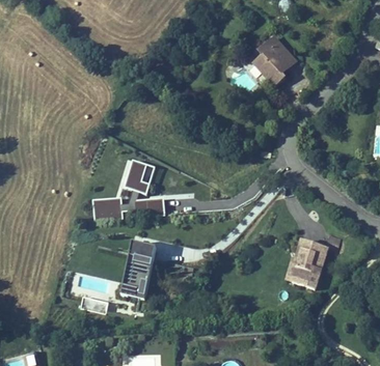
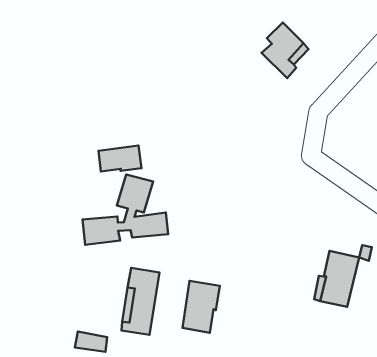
building: none -> [99,145,142,172]
building: none -> [182,281,220,333]

